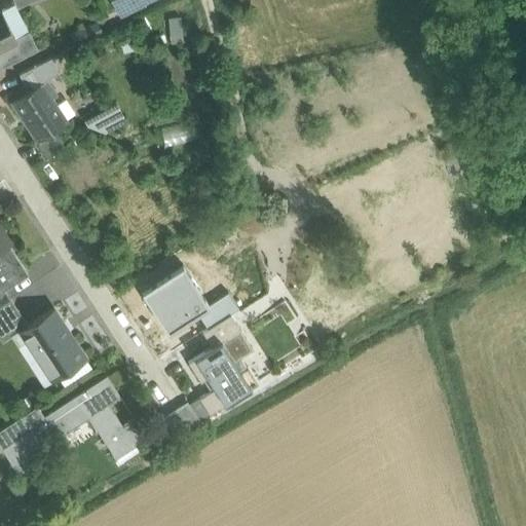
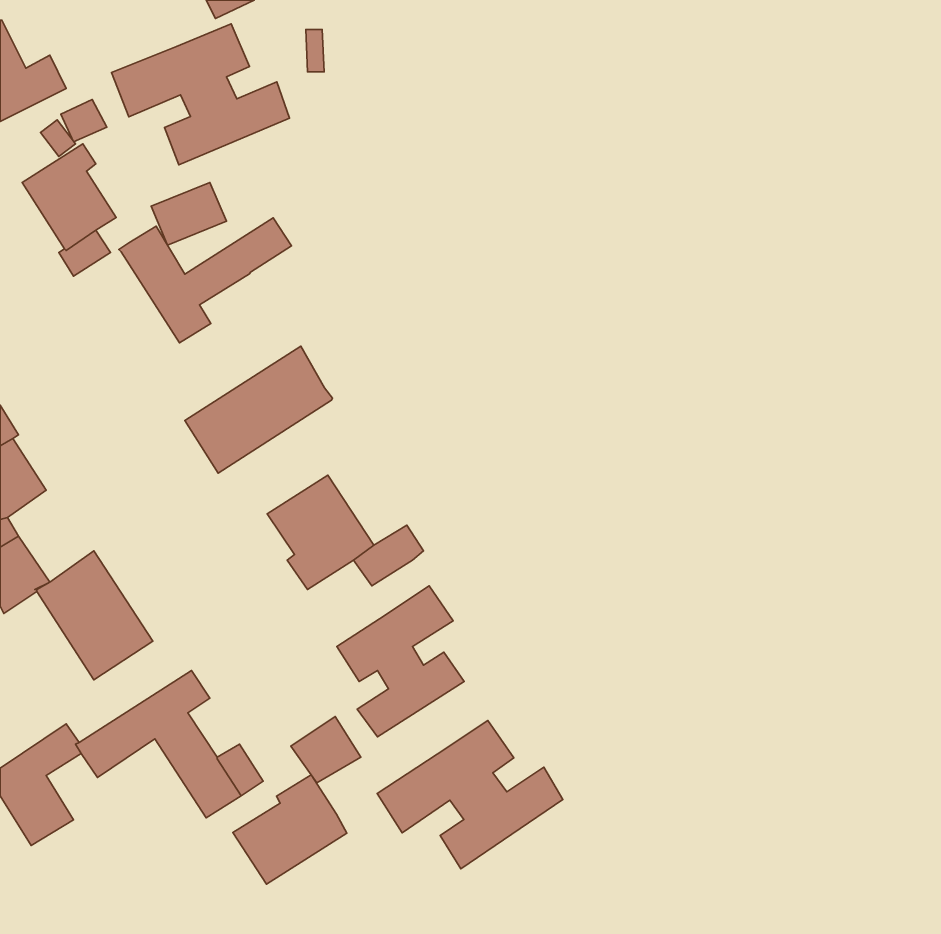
building: none -> [112,24,290,165]
building: none -> [119,218,291,343]
building: none -> [185,346,333,473]
building: [201,316,239,349] -> none
building: none -> [377,720,563,869]
building: none -> [233,775,347,884]

